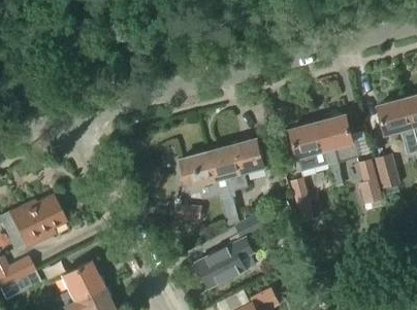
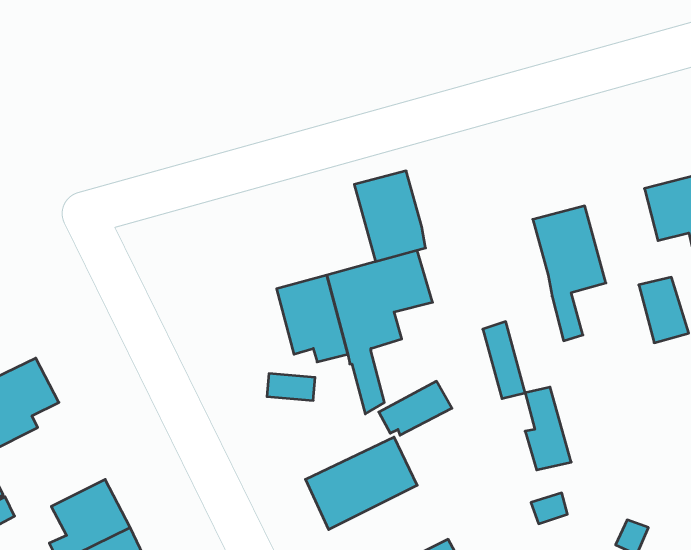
building: [290,122,328,170] -> [354,171,426,261]
building: [358,159,383,203] -> [525,387,571,470]

